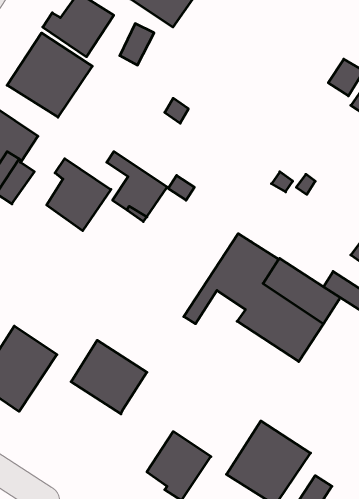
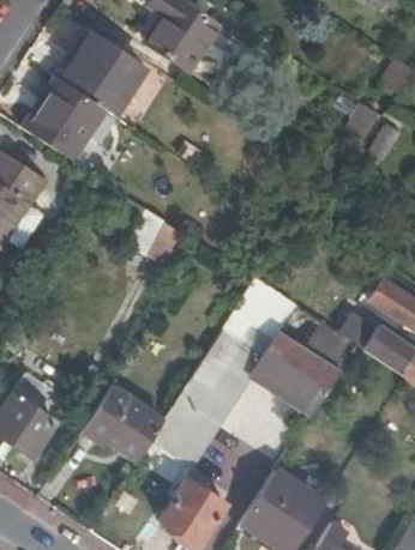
building: [47,159,111,231] -> none
building: none -> [137,336,260,465]

